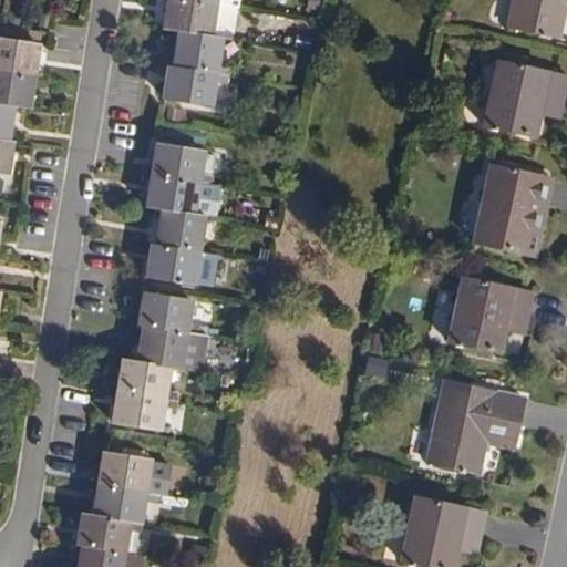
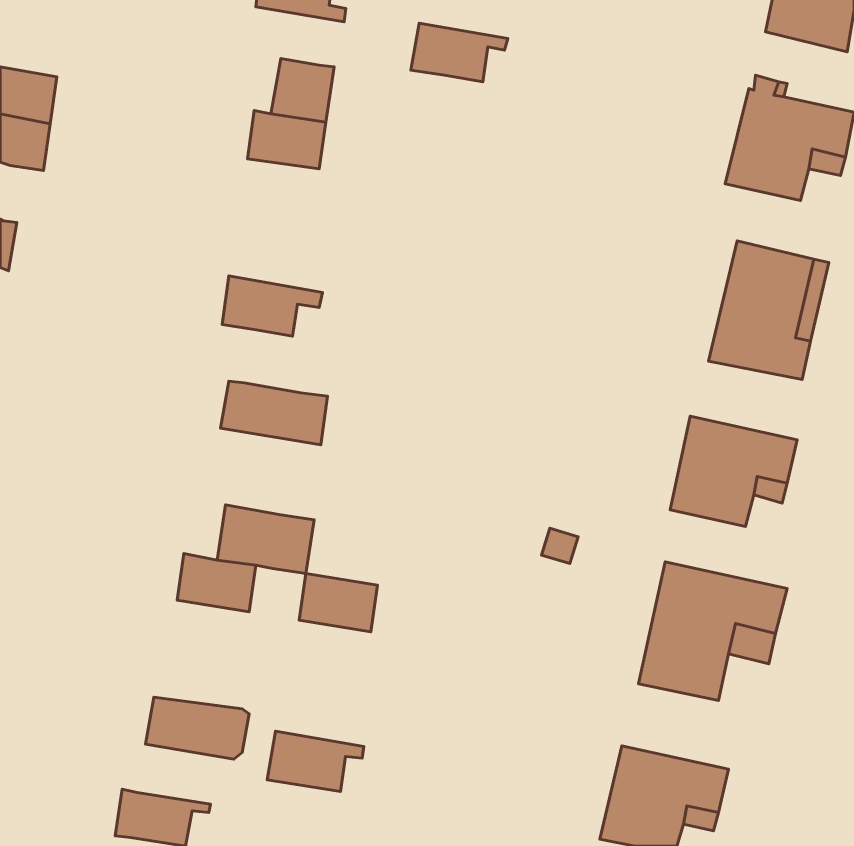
building: [164,4,228,43] -> [411,23,508,82]
building: [152,152,218,194] -> none
building: [162,218,205,260] -> none
building: [138,301,190,341] -> none
building: [113,398,165,436] -> [299,573,378,632]
building: [91,493,155,533] -> [267,731,364,791]

